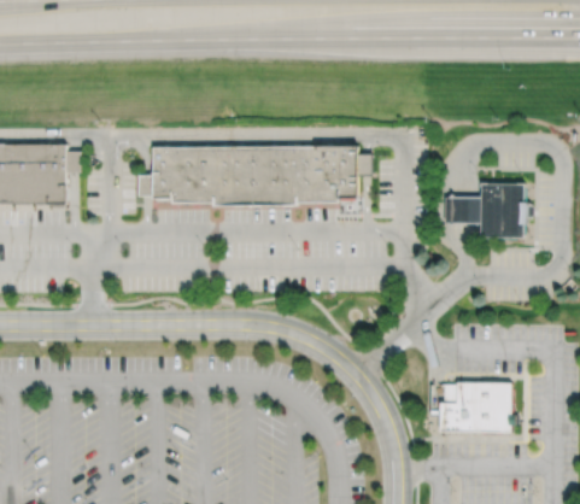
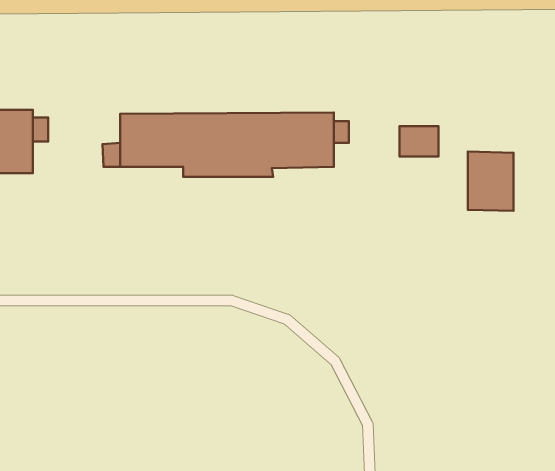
building: [446,197,484,225] -> [399,126,439,157]
building: [438,382,509,429] -> none

